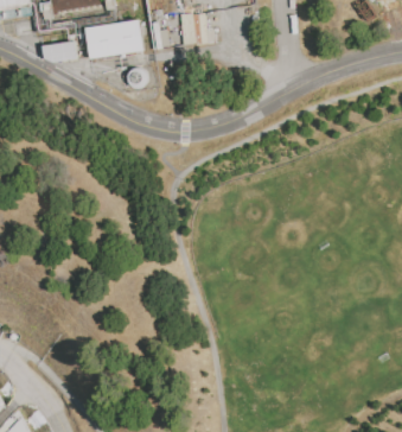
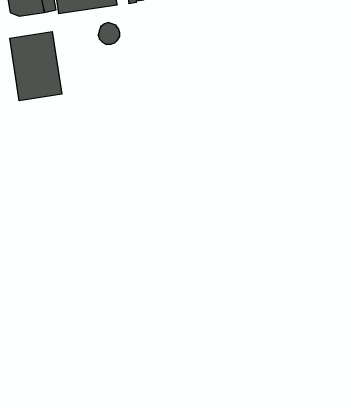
building: none -> [10,32,62,101]

